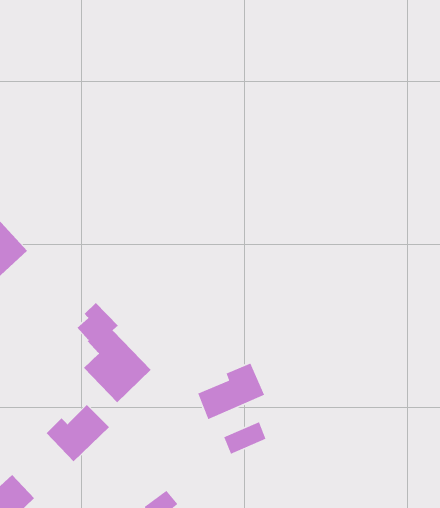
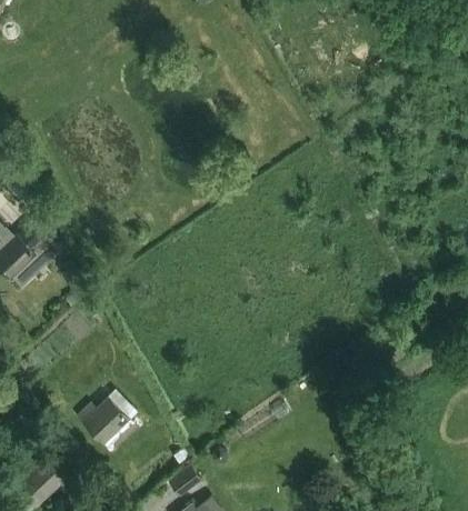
building: [76,302,152,403] -> none
building: [197,363,265,420] -> none

